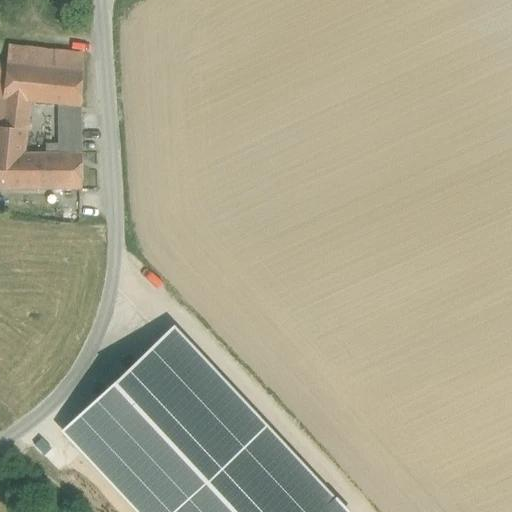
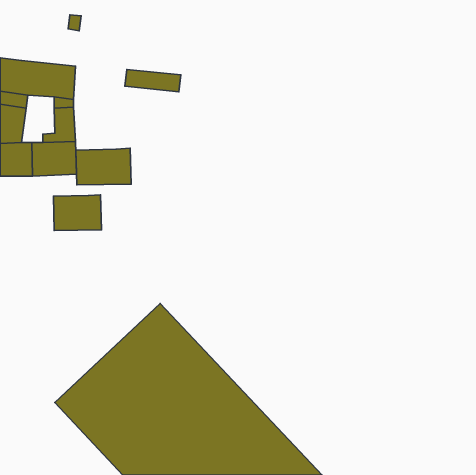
building: [23,47,83,71] -> [125,69,181,92]
building: none -> [76,148,131,185]
building: none -> [53,195,101,231]

